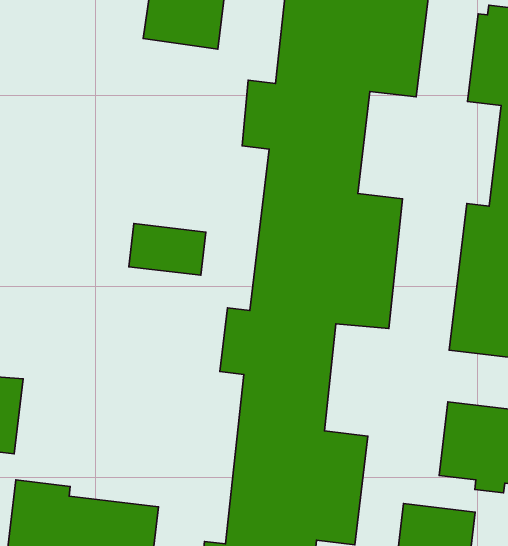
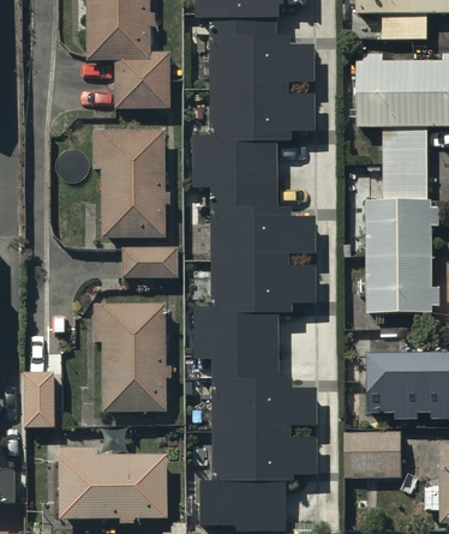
building: none -> [90,128,163,240]
building: none -> [91,304,164,412]

